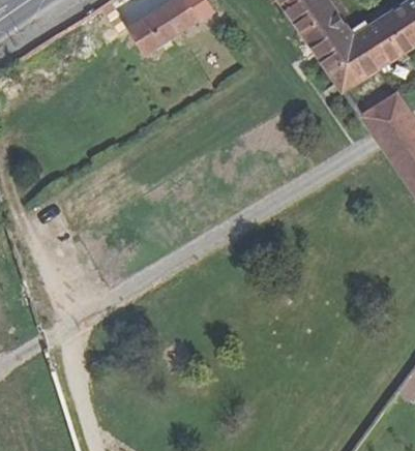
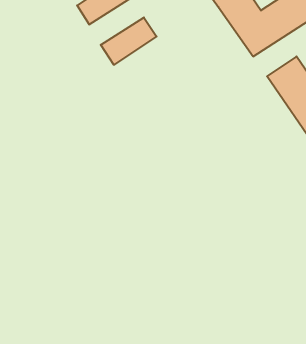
building: none -> [101,17,157,65]

